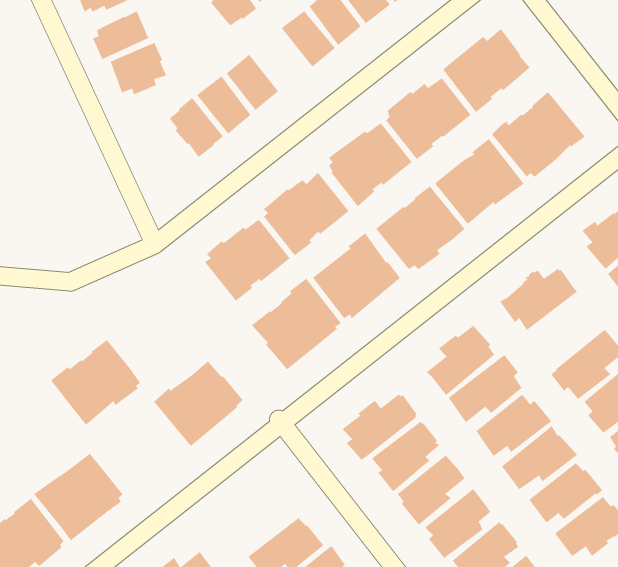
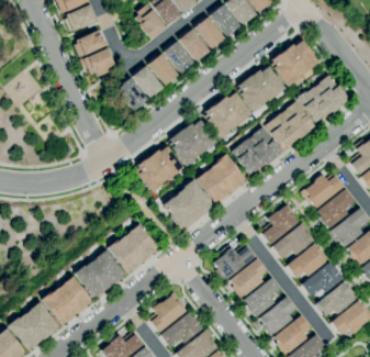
building: none -> [162,41,193,74]
building: none -> [317,189,357,228]
building: [50,339,141,426] -> [74,250,124,299]
building: none -> [148,292,187,333]

